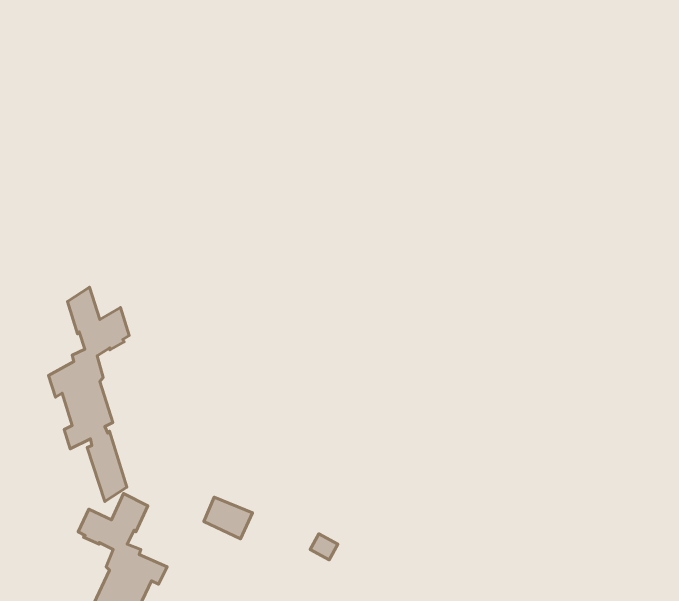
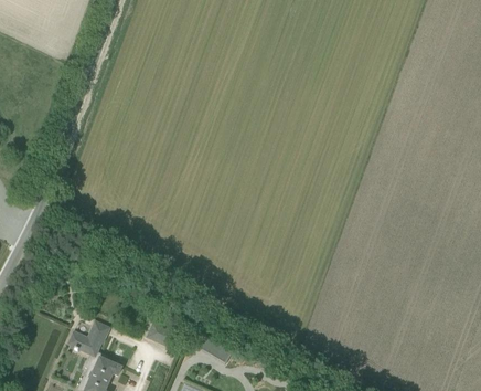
building: [48,287,129,501] -> none

